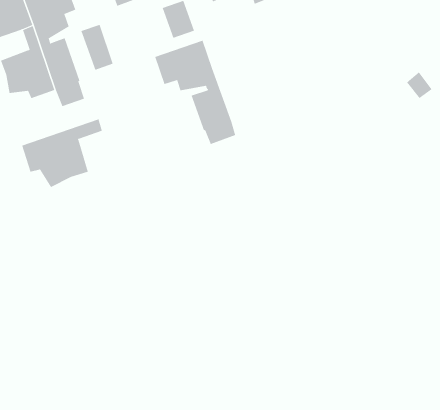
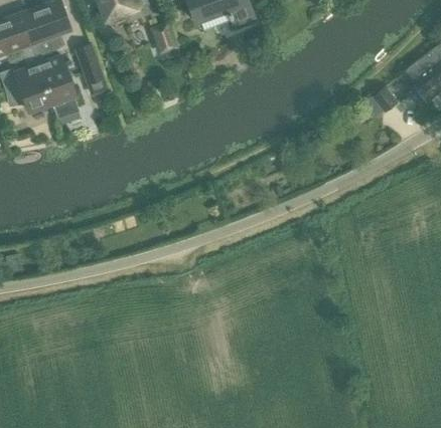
building: [155,40,236,145] -> none
building: [21,119,102,188] -> none

